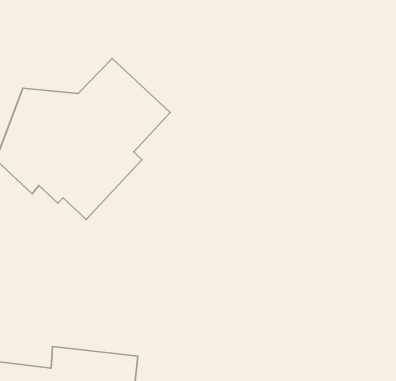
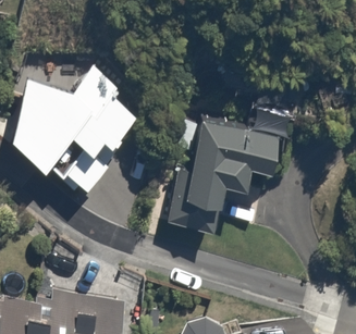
building: none -> [172,119,283,235]

